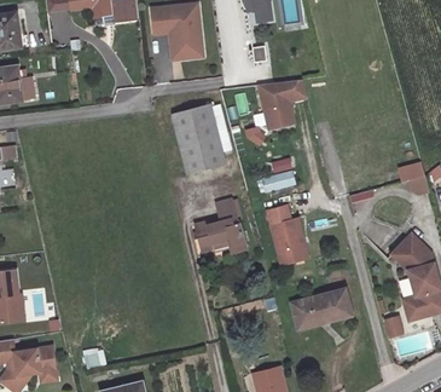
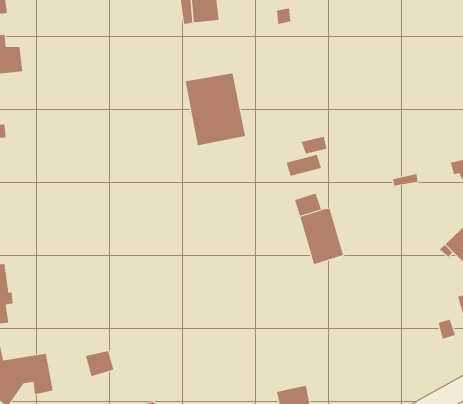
building: [257,76,302,126] -> none
building: [192,197,245,248] -> none
building: [297,290,355,328] -> none

